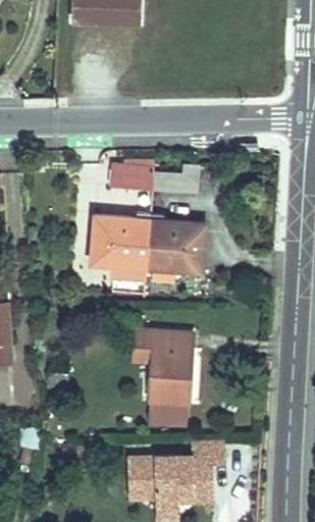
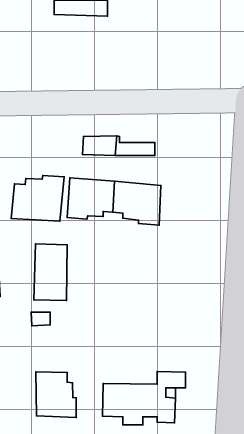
building: none -> [11,175,64,221]
building: [149,343,189,410] -> [34,244,67,301]
building: none -> [36,372,76,417]

